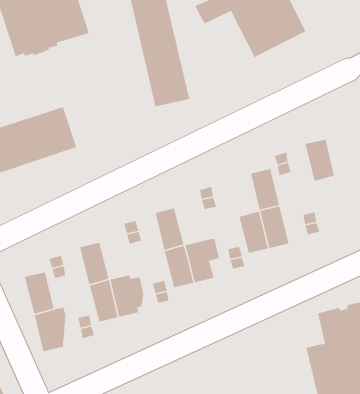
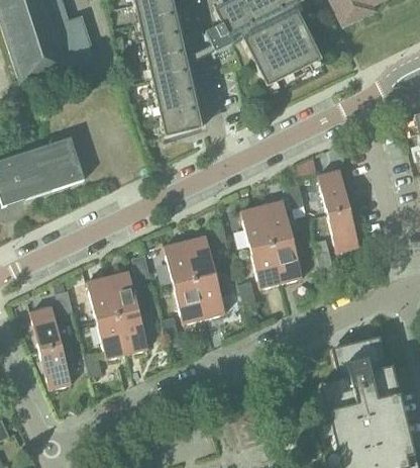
building: none -> [242,204,273,249]
building: none -> [329,207,360,252]
building: none -> [186,235,217,278]
building: none -> [109,270,140,313]

